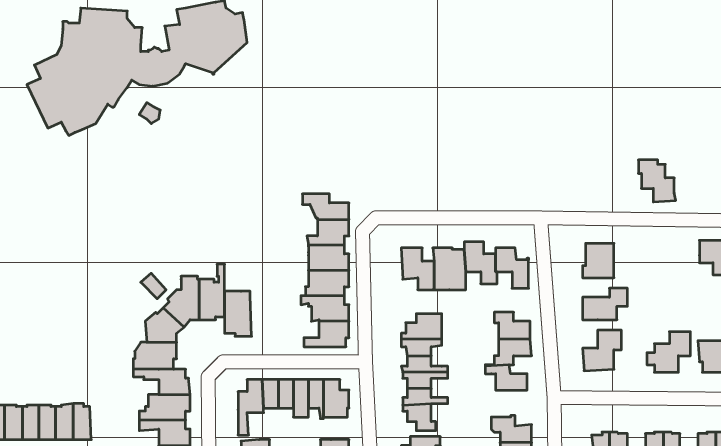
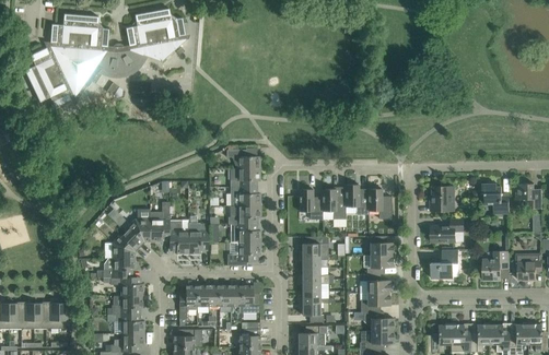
building: [638,160,676,202] -> [482,184,510,214]
building: none -> [188,224,208,253]
building: none -> [360,293,390,312]

